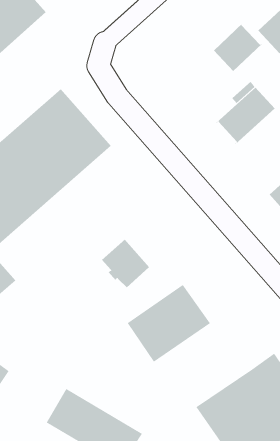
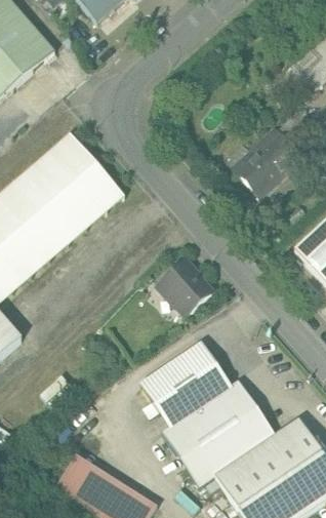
building: [213,22,263,72] -> none
building: [101,239,150,288] -> [159,260,211,313]
building: none -> [163,381,275,485]

